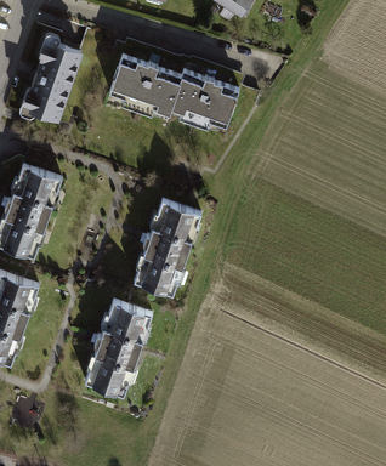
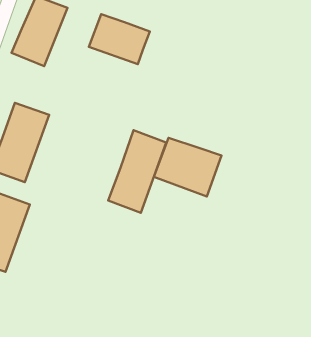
building: [174,70,242,121] -> none
building: none -> [154,138,222,196]
building: [81,292,158,398] -> none

